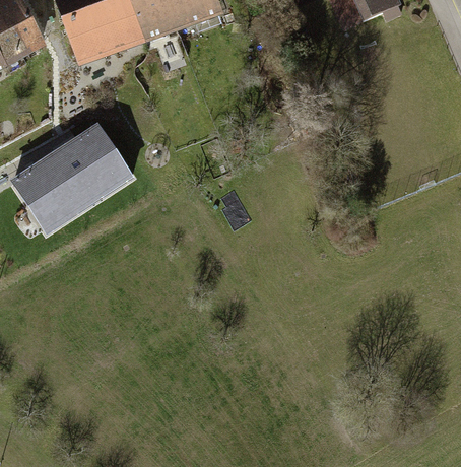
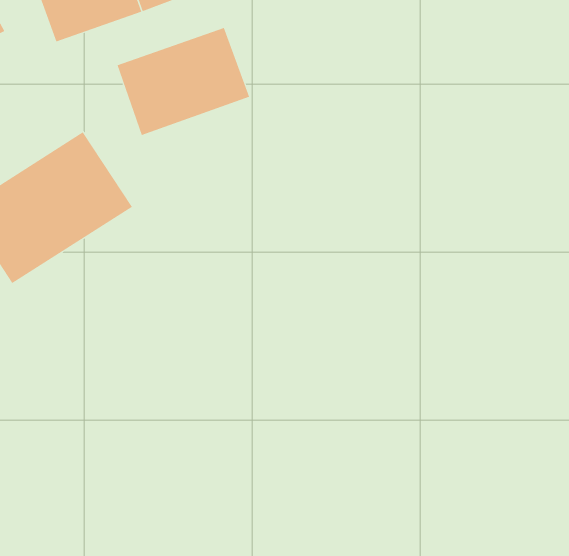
building: none -> [117,27,250,136]

